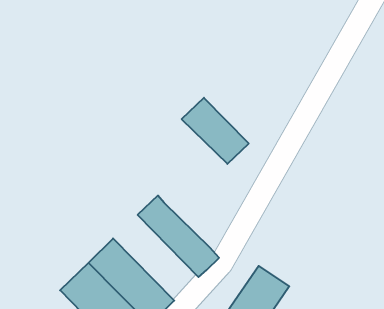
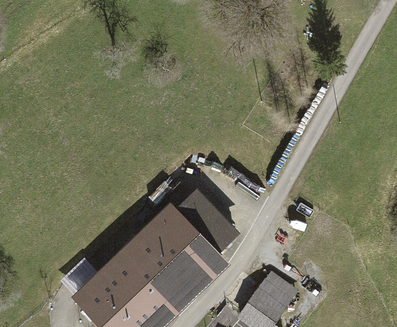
building: [182,98,249,164] -> [174,188,240,253]
building: none -> [124,221,208,305]

